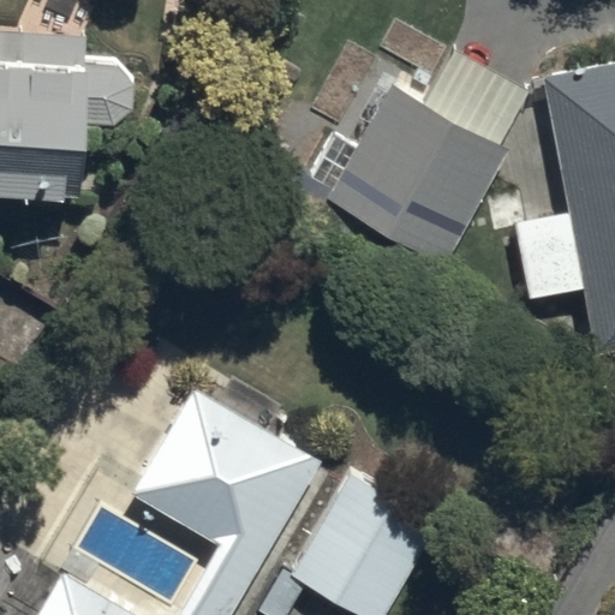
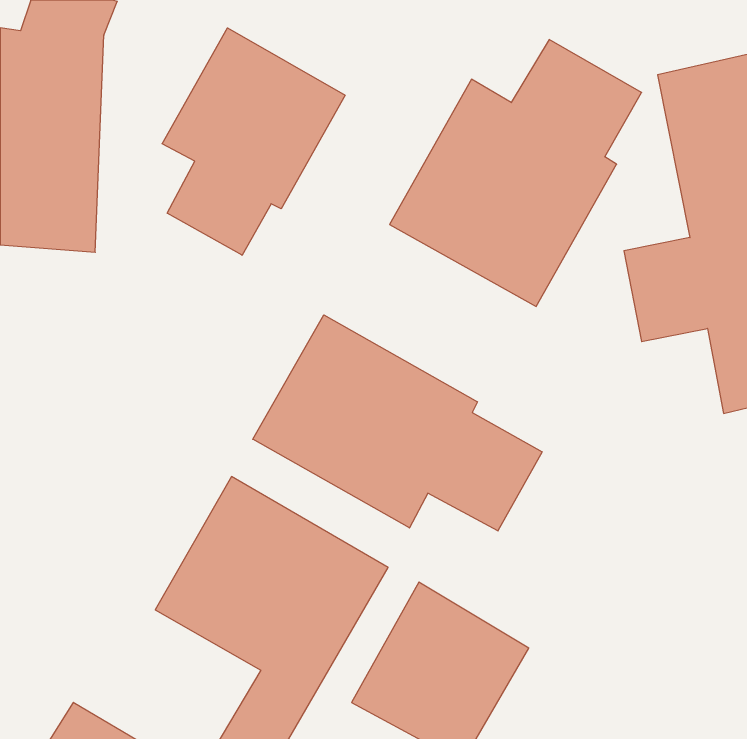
building: none -> [162,28,345,255]
building: none -> [253,315,542,531]

